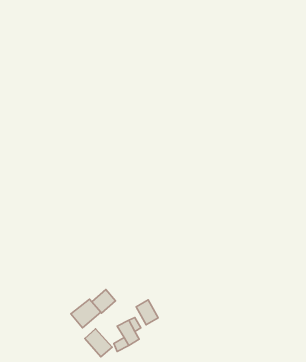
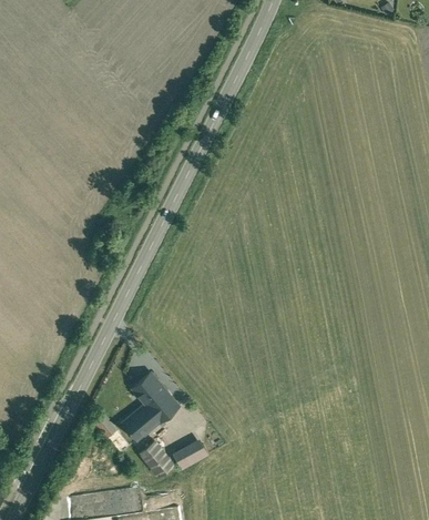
building: none -> [132,374,165,407]
building: [136,300,158,325] -> none

